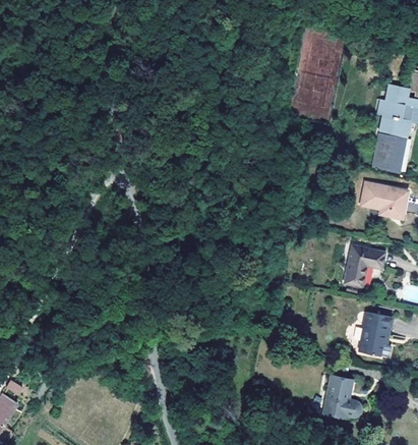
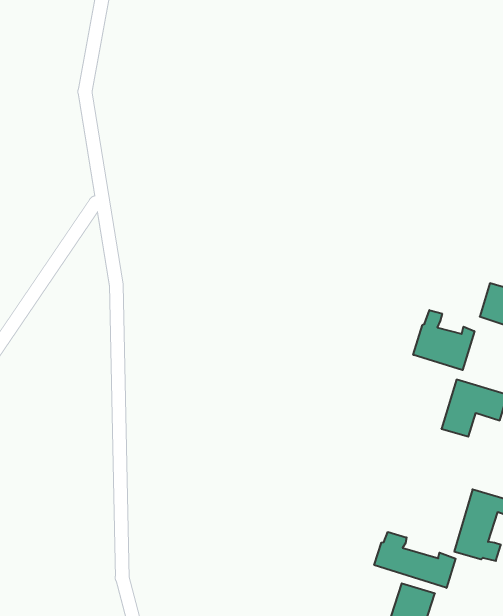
building: none -> [413,310,474,370]
building: none -> [374,532,456,588]

